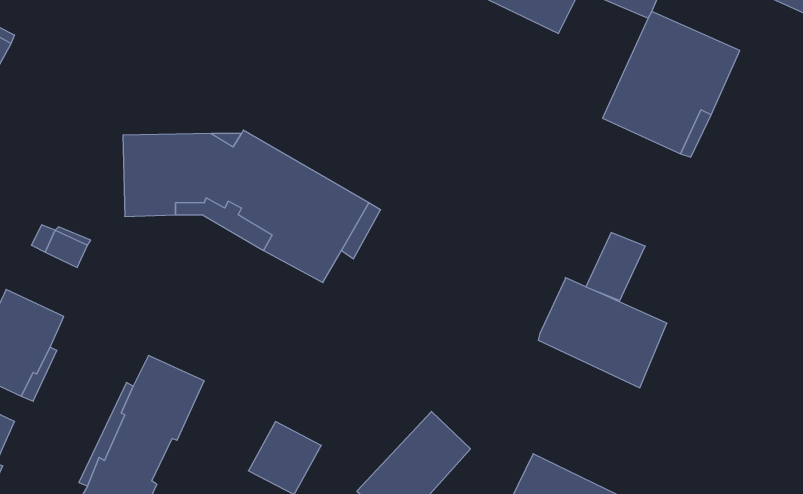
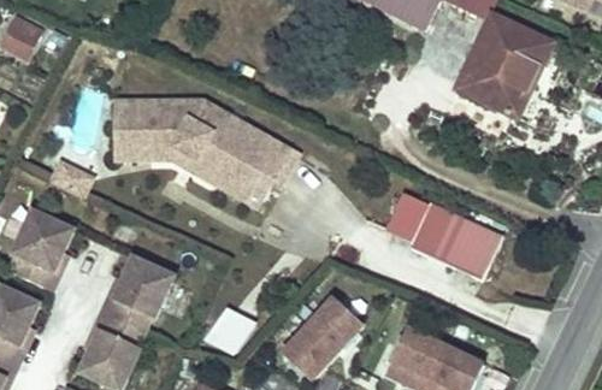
building: [586,233,645,300] -> [386,194,429,242]

